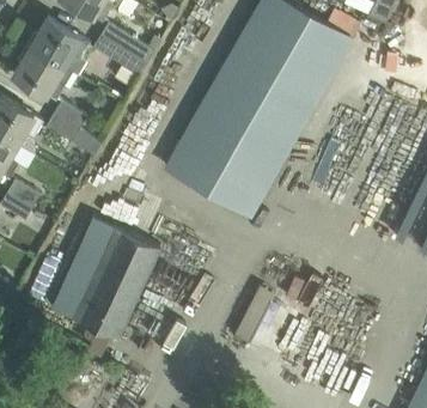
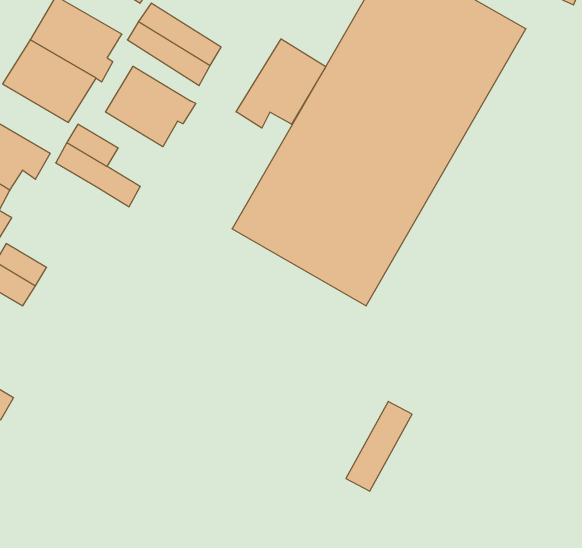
building: none -> [236,39,326,128]
building: none -> [106,66,196,147]
building: [48,218,159,340] -> none

